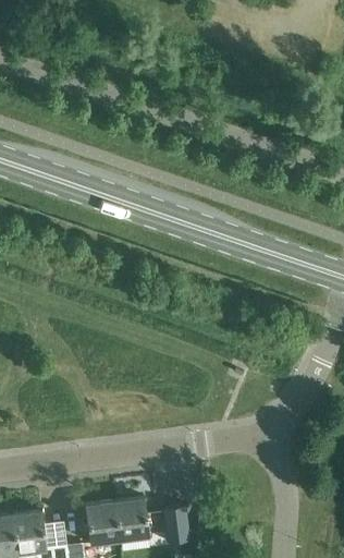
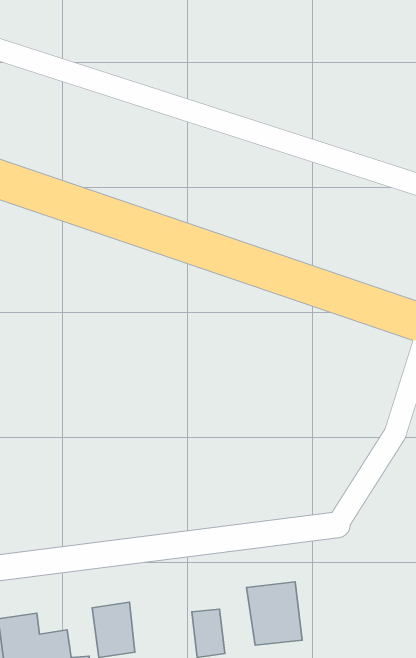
building: none -> [246,582,302,645]
building: [114,498,149,541] -> none

